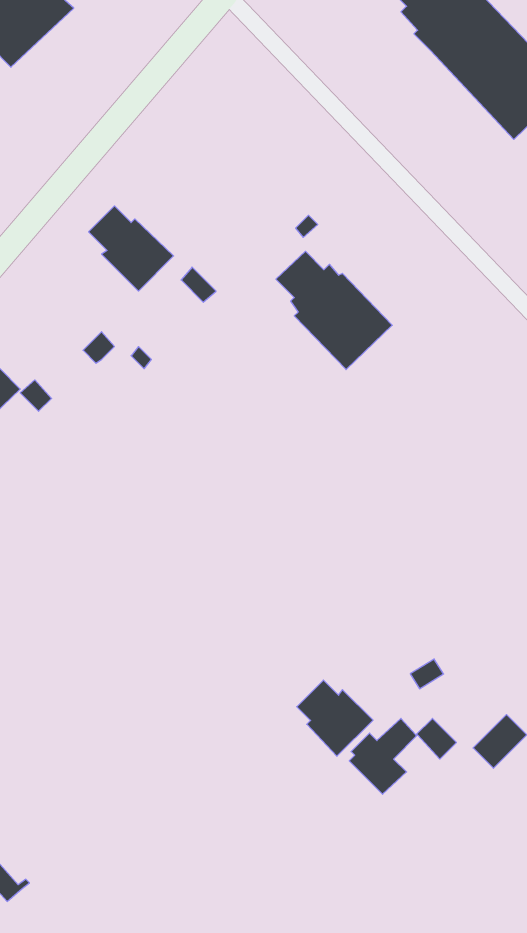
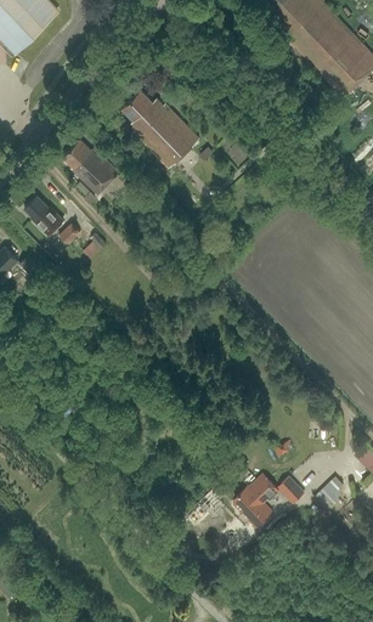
building: [276,251,392,370] -> [121,89,198,166]
building: none -> [24,196,63,234]
building: [297,680,373,756] -> none

